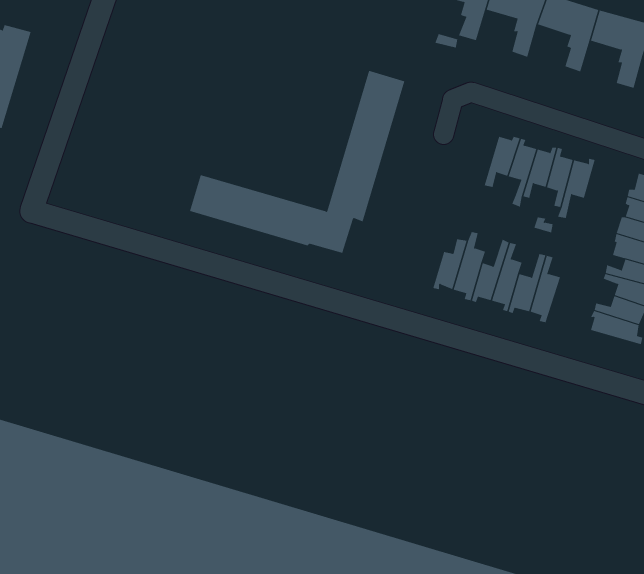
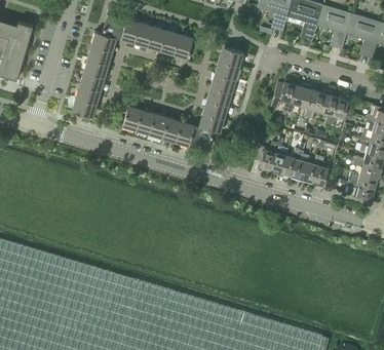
building: none -> [71,14,192,117]
building: none -> [270,78,295,115]

